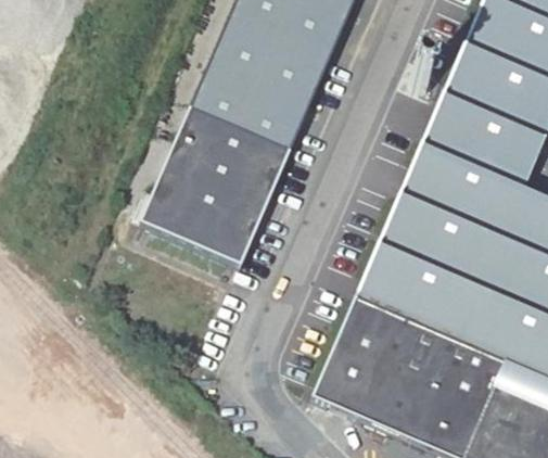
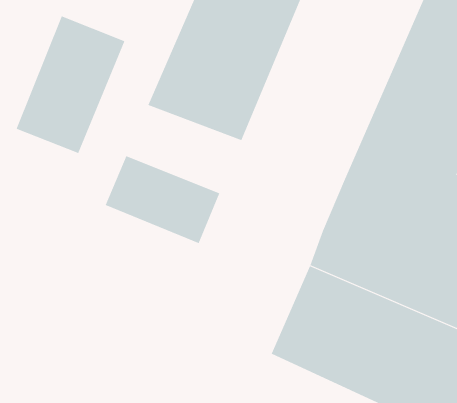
building: none -> [16,15,125,154]
building: [160,119,286,216] -> none

